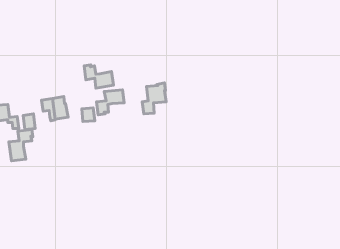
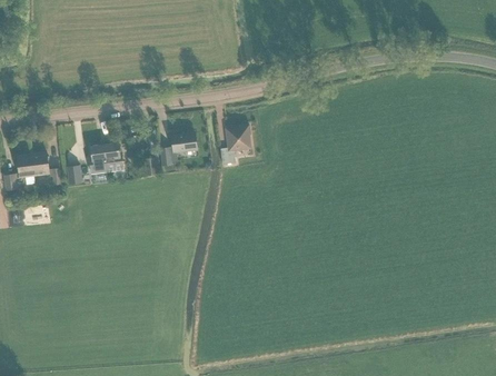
building: [84,65,113,88] -> none
building: [9,129,33,161] -> none

